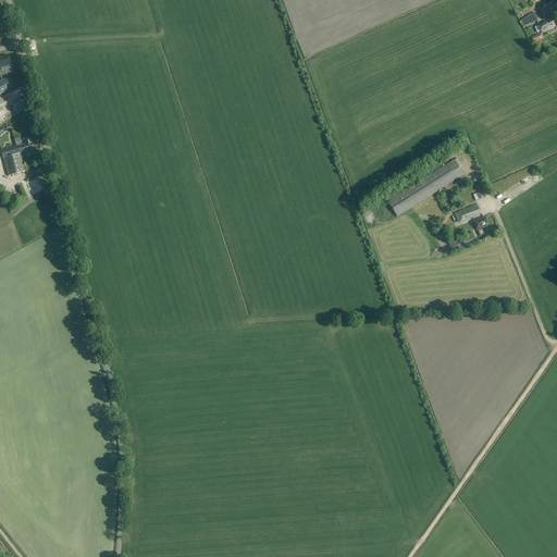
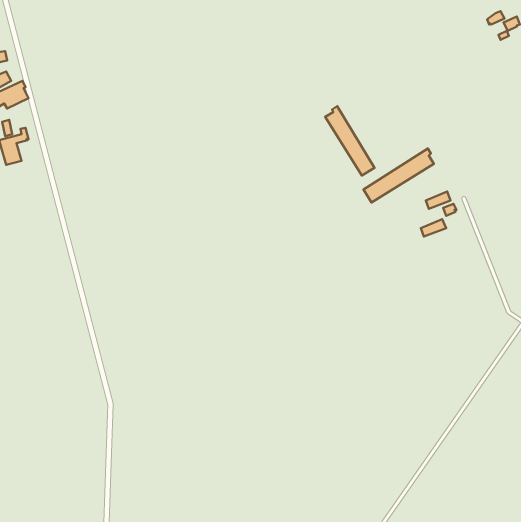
building: none -> [325,106,375,176]

